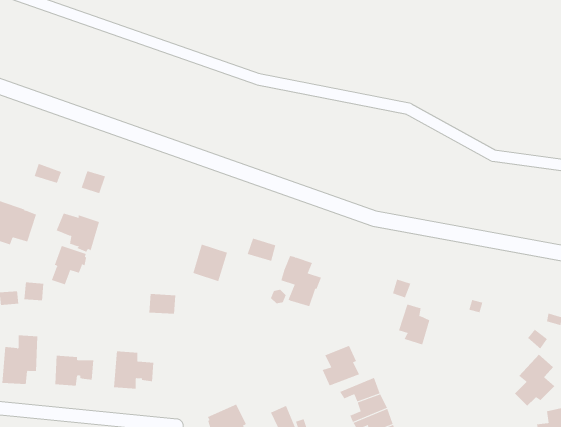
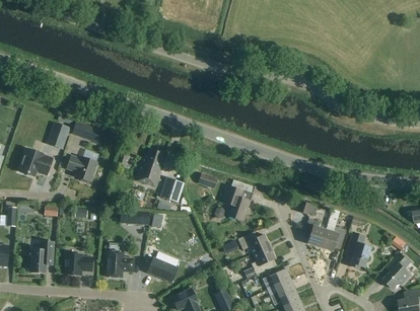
building: none -> [137,148,163,185]
building: [51,245,87,285] -> none
building: none -> [320,220,346,250]
building: none -> [236,231,269,253]
building: none -> [347,232,369,268]
building: none -> [147,257,177,282]

